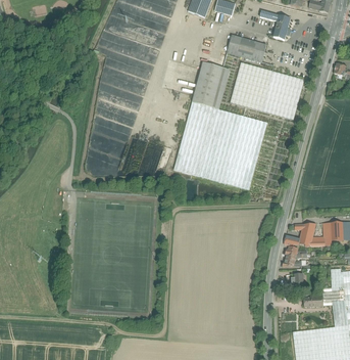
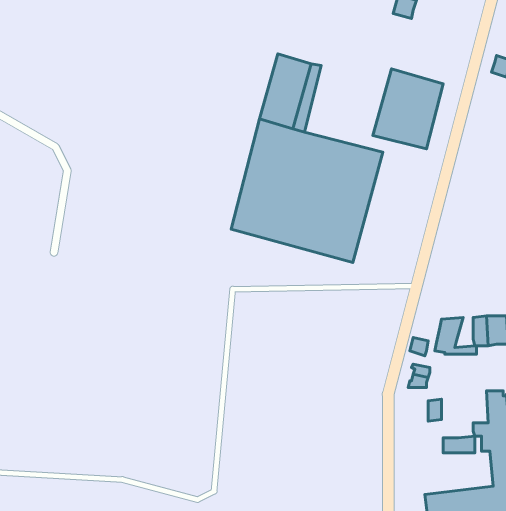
building: [227,35,266,61] -> none
building: [231,62,272,111] -> none

